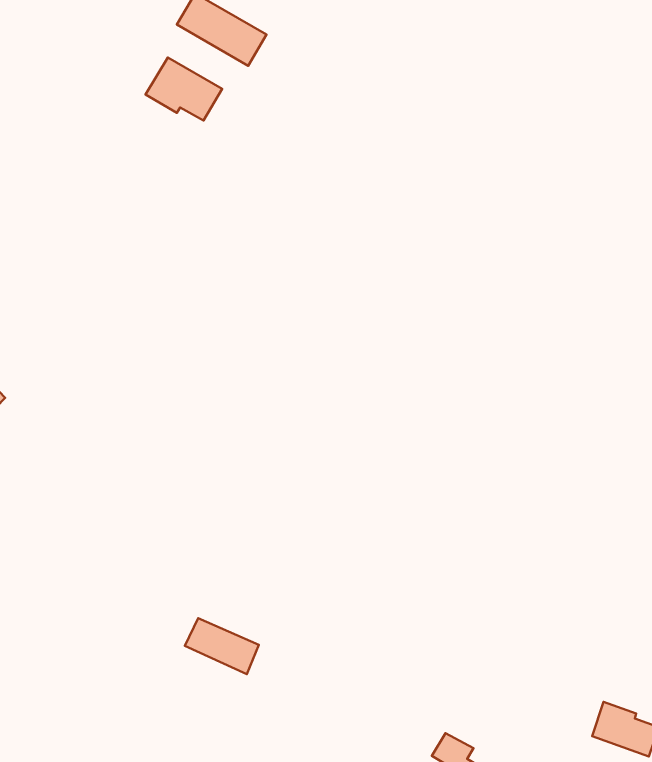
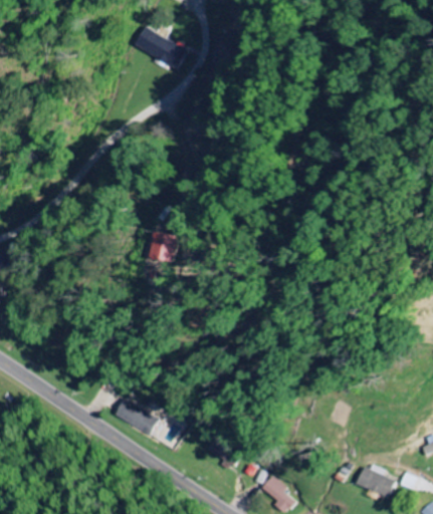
building: [146,57,222,121] -> none
building: none -> [152,230,178,261]

